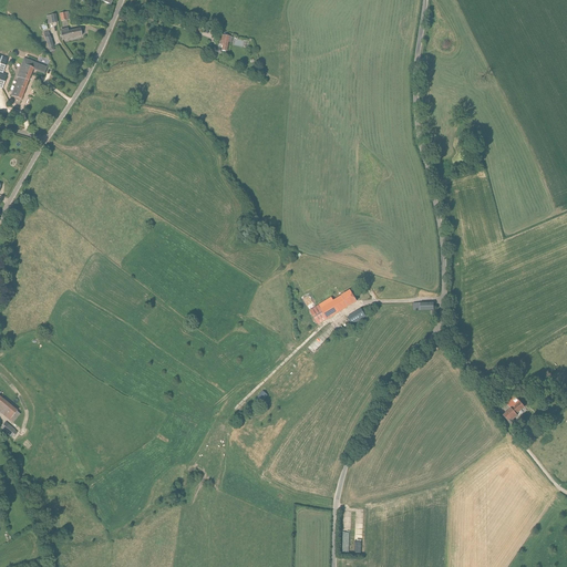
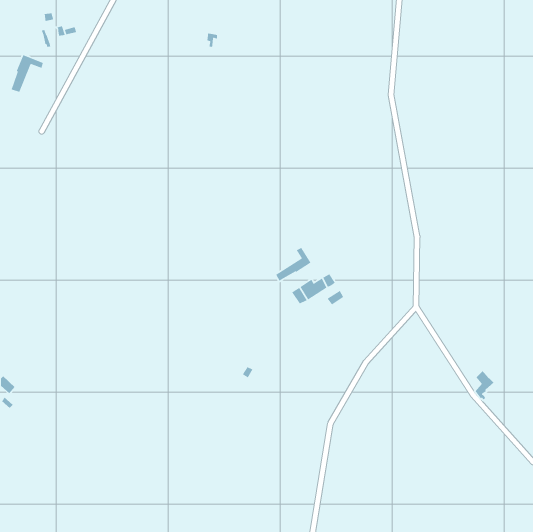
building: none -> [275,247,312,282]

